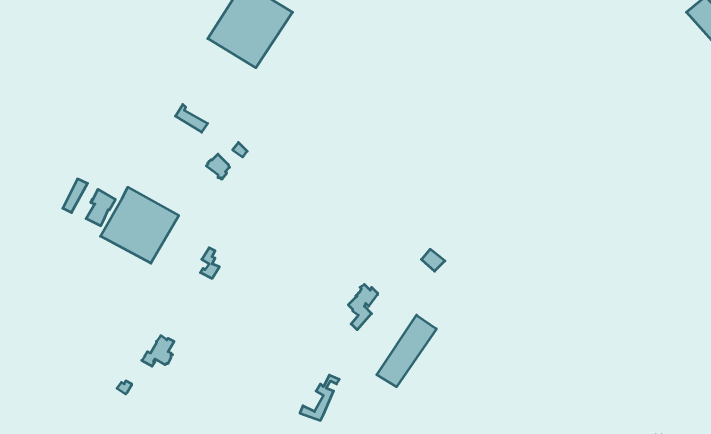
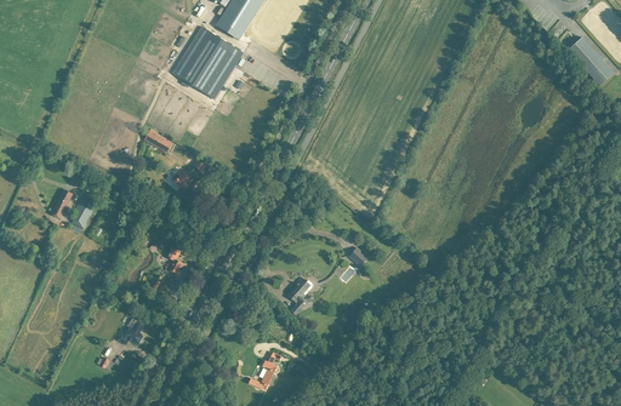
building: [100,187,179,263] -> none
building: [377,315,436,387] -> none

